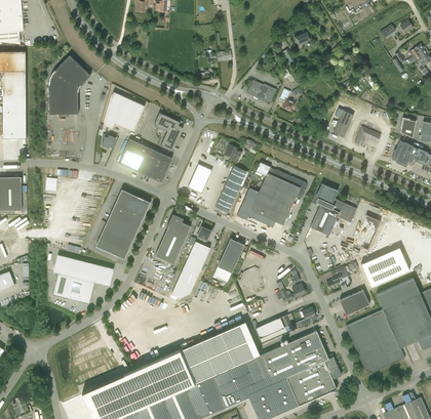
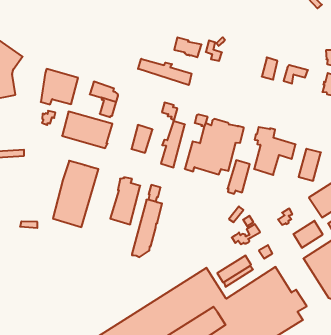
building: none -> [138,59,192,85]
building: [218,239,244,273] -> [227,160,250,194]
building: [52,255,114,304] -> none

